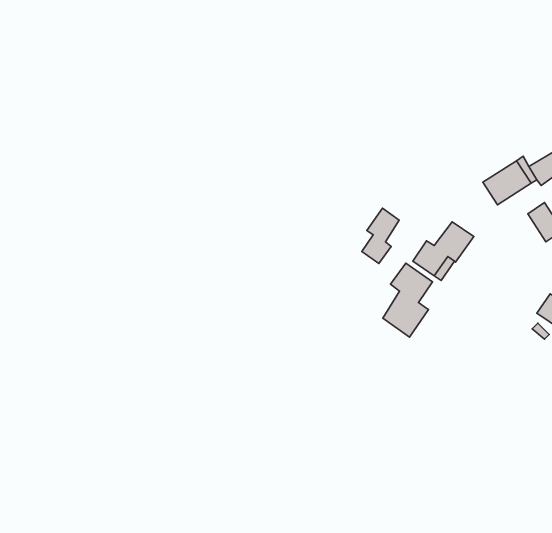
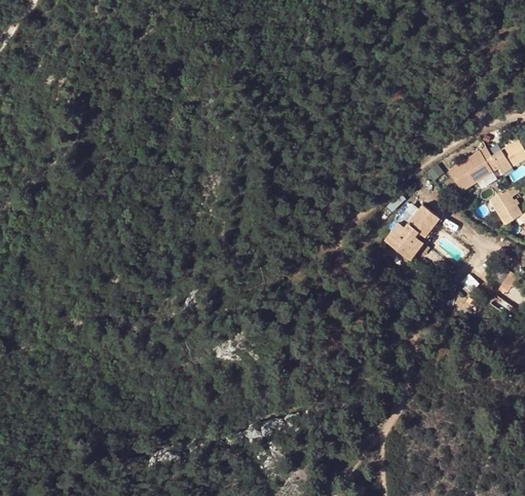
building: [362,208,399,264] -> none
building: [383,263,432,337] -> none

